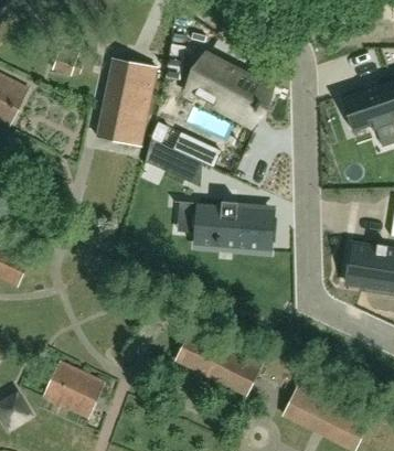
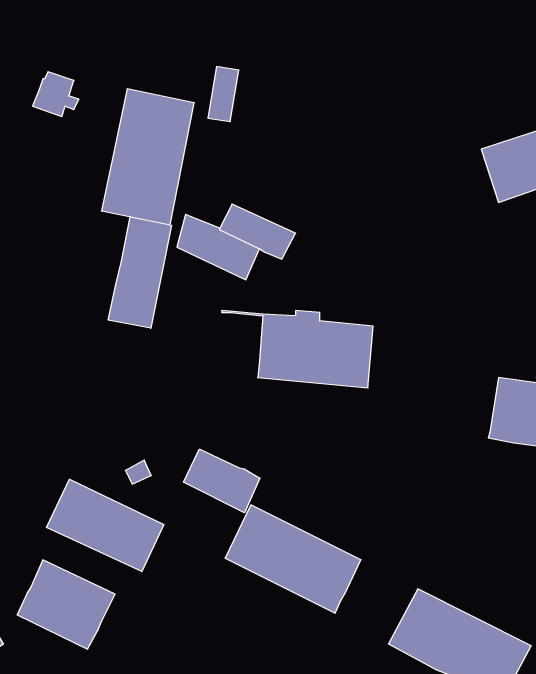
building: [188,56,268,124] -> none
building: none -> [108,217,171,328]
building: none -> [184,449,260,513]
building: none -> [46,479,164,572]

